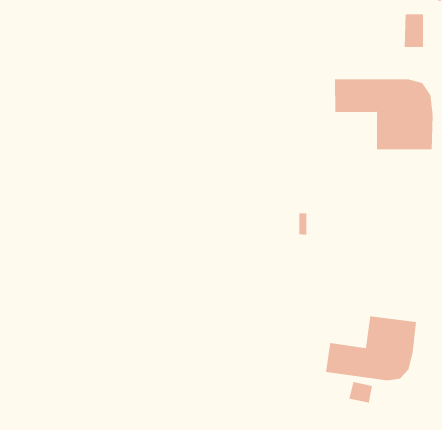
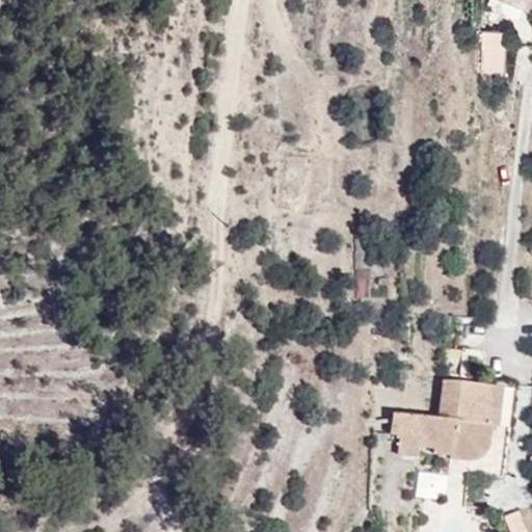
building: [335,78,433,150] -> none

